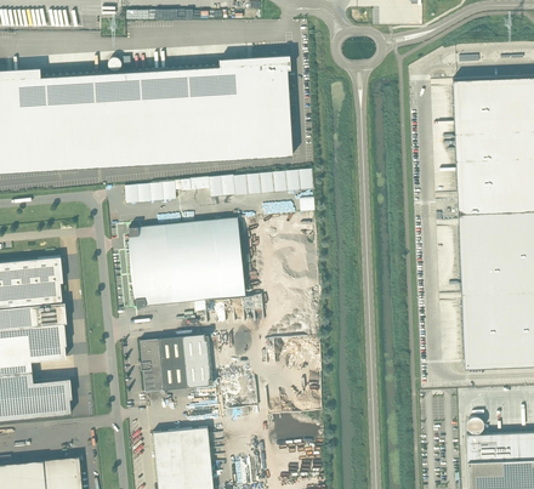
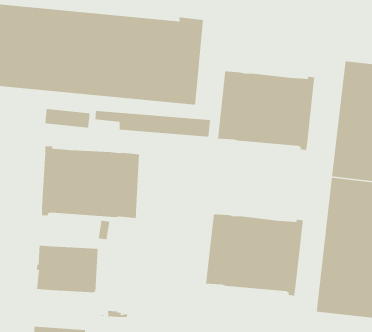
building: none -> [217,71,315,151]
building: none -> [205,213,304,297]

